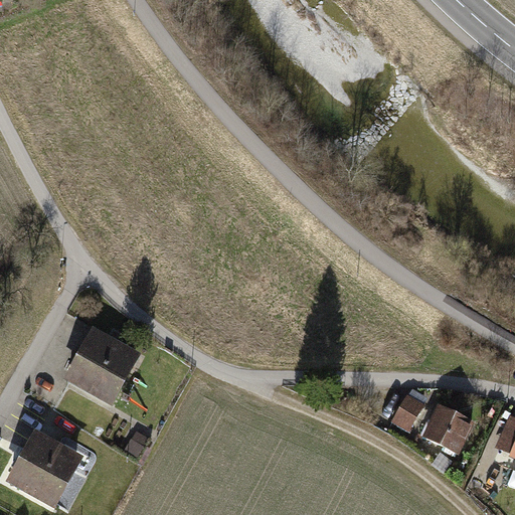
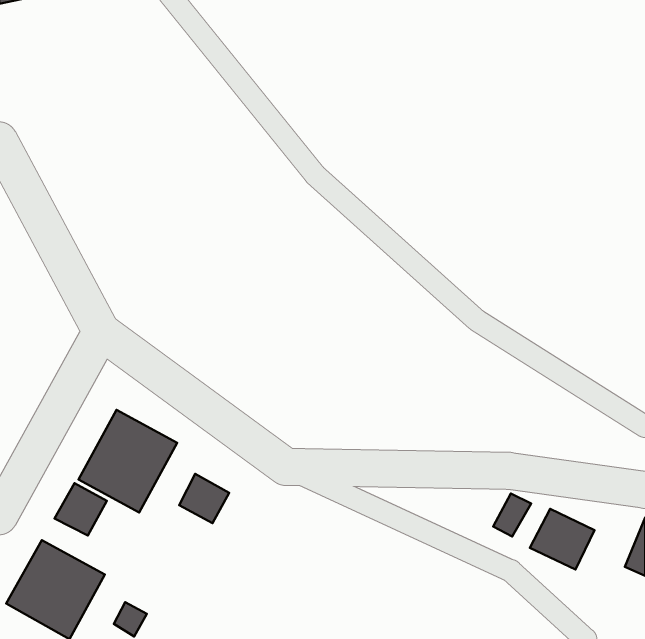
building: none -> [179,474,229,523]
building: none -> [55,483,107,536]

